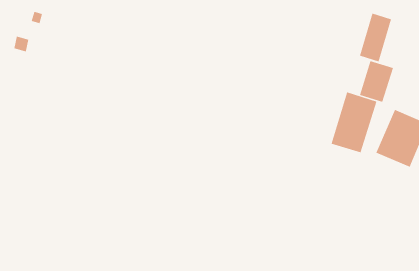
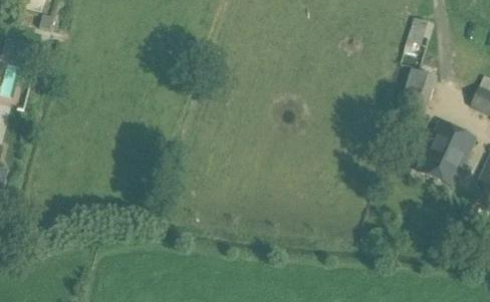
building: [331,91,377,153] -> none

